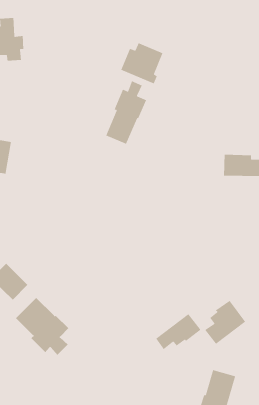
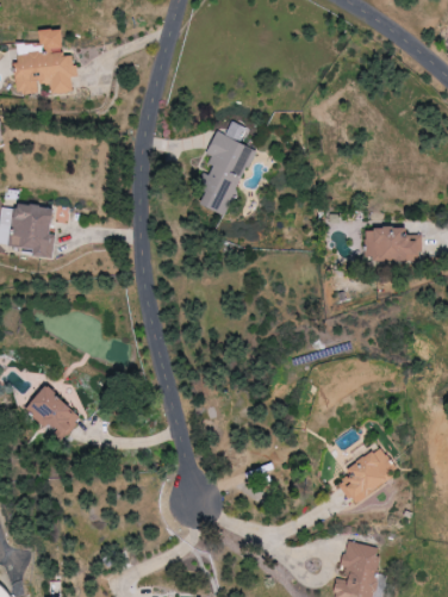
building: [120,42,163,84] -> none
building: [15,297,69,356] -> none
building: [155,313,202,350] -> none

